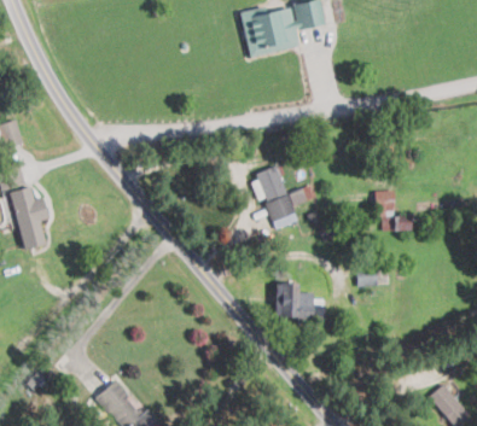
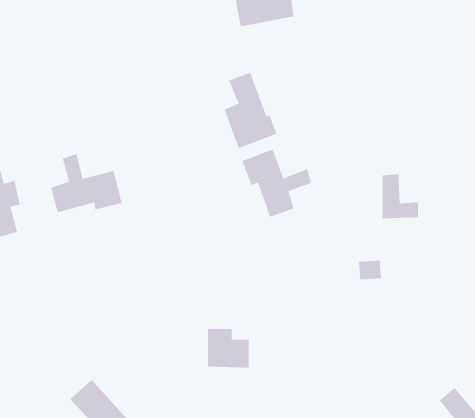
building: none -> [224,72,277,149]
building: none -> [51,153,122,213]
building: [275,282,314,319] -> [207,329,250,368]

